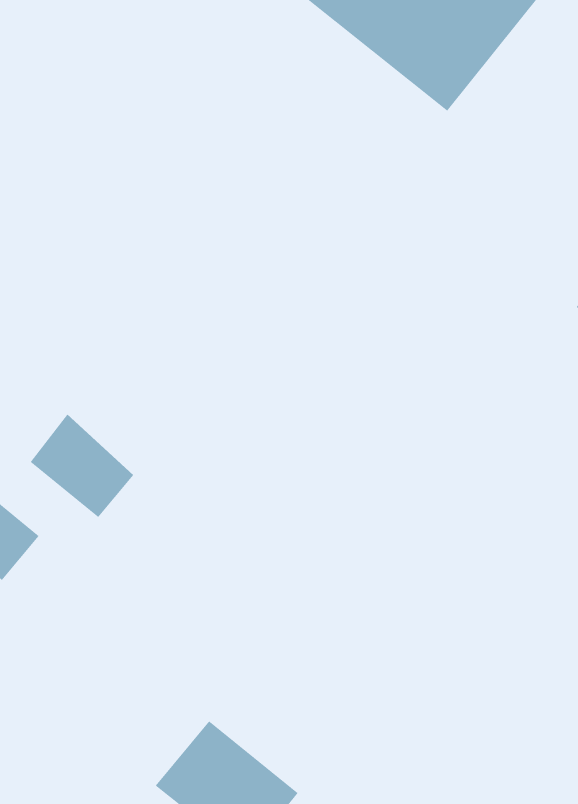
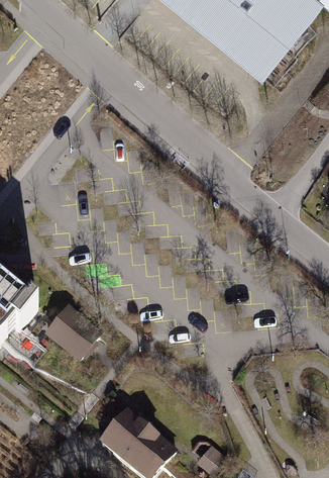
building: [30,414,134,518] -> [45,307,102,364]

